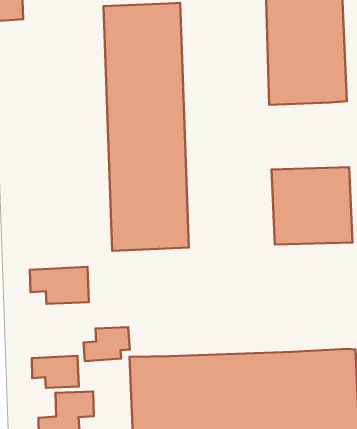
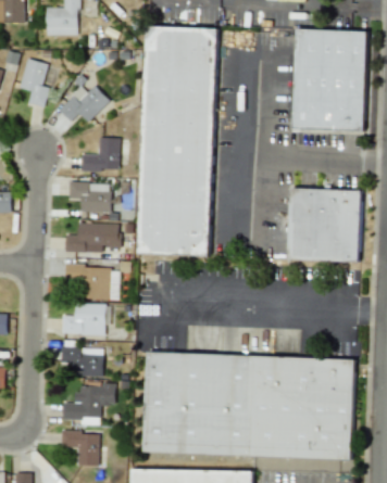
building: none -> [57,86,108,122]
building: none -> [79,138,117,170]
building: none -> [66,182,109,213]
building: none -> [64,223,117,252]
building: [83,327,130,361] -> [61,304,103,333]

